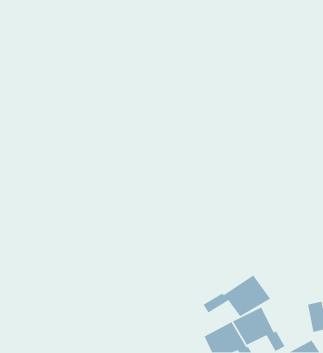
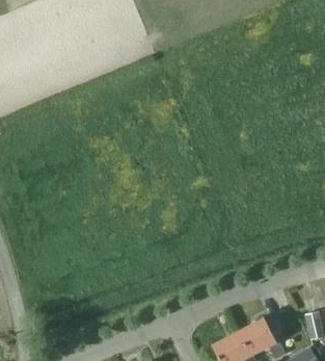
building: [203,275,271,318] -> none

